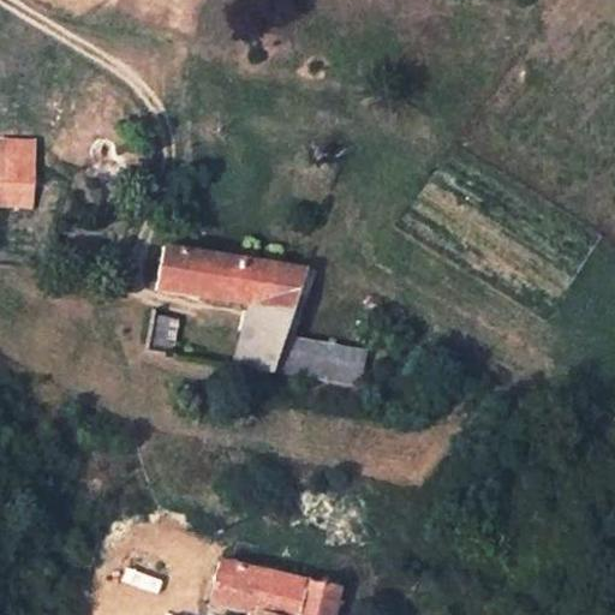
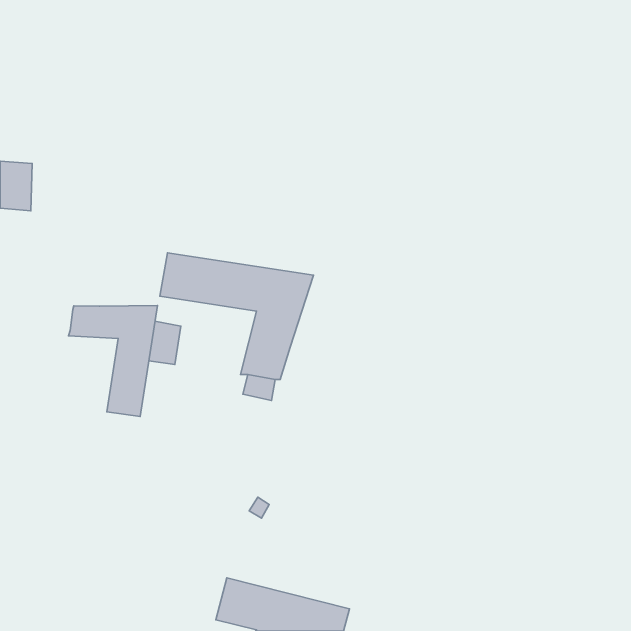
building: none -> [68,306,157,417]
building: [274,336,369,383] -> none

